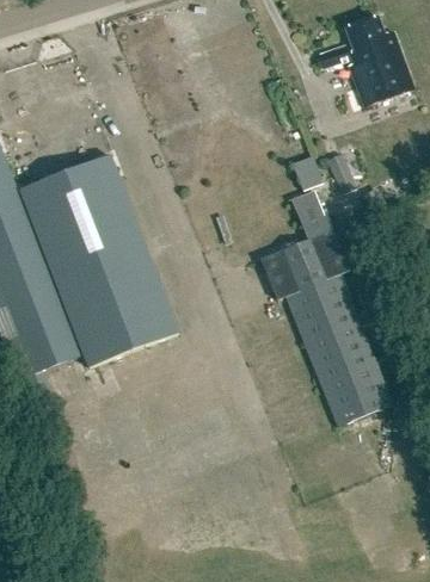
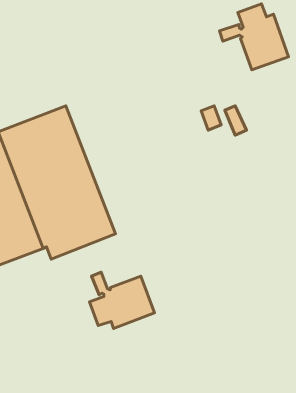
building: [263,185,394,426] -> none
building: none -> [90,272,154,328]

